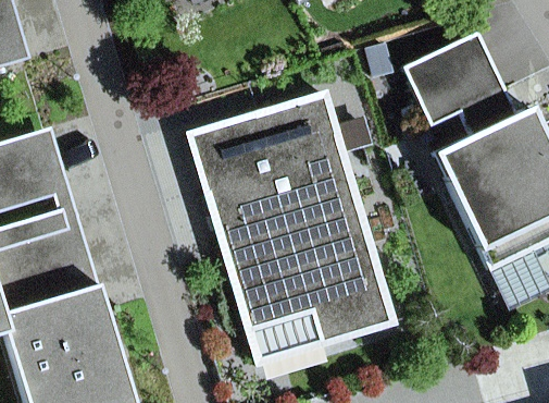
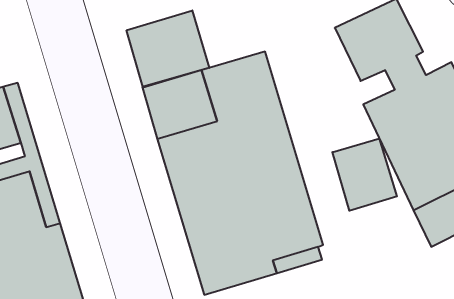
building: none -> [127,10,209,87]
building: none -> [332,138,397,211]

